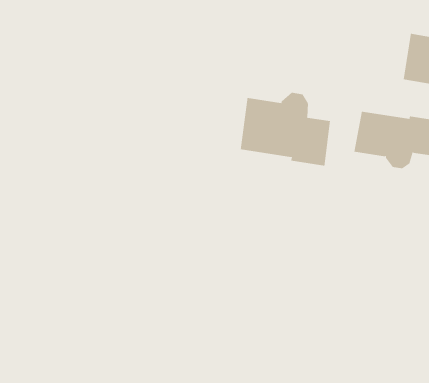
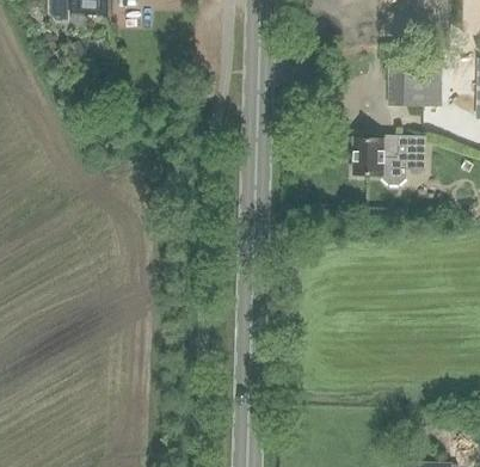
building: [240,92,330,166] -> none

